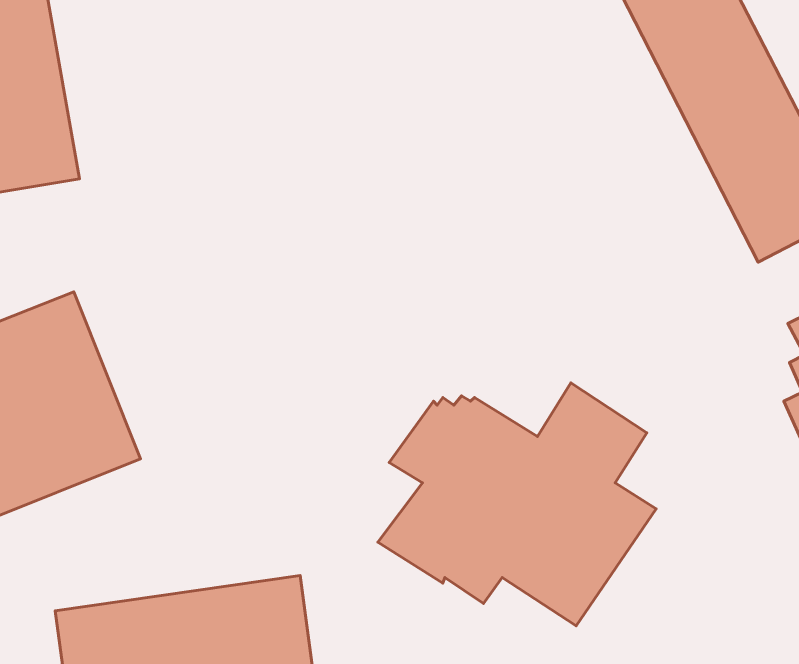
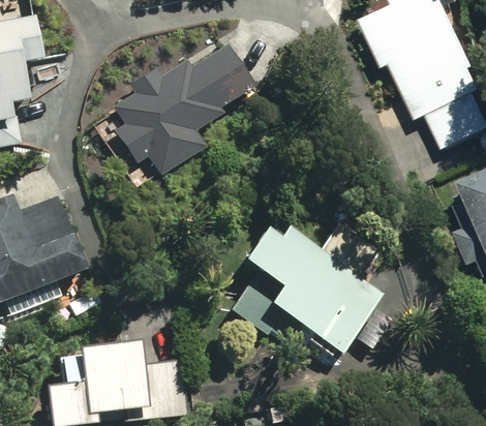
building: none -> [103,35,270,185]

